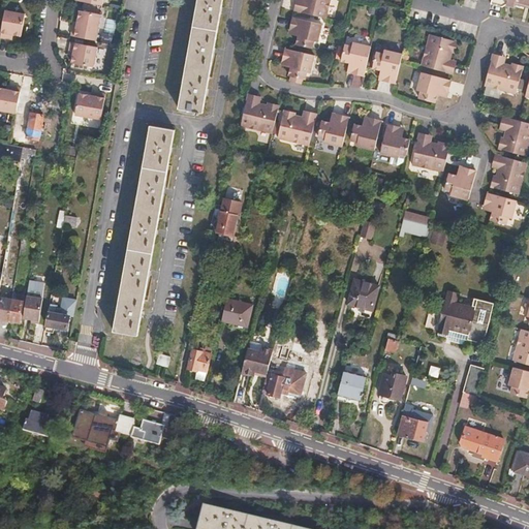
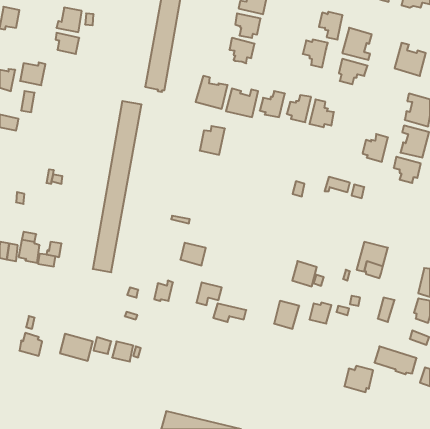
building: [341,41,370,75] -> [319,12,343,40]
building: [73,97,104,125] -> [20,62,45,85]
building: [409,130,448,170] -> none
building: [209,198,240,234] -> [200,126,225,155]
building: [348,278,378,309] -> [292,261,317,286]
building: [467,300,493,340] -> none
building: [397,407,432,439] -> [344,366,373,392]

